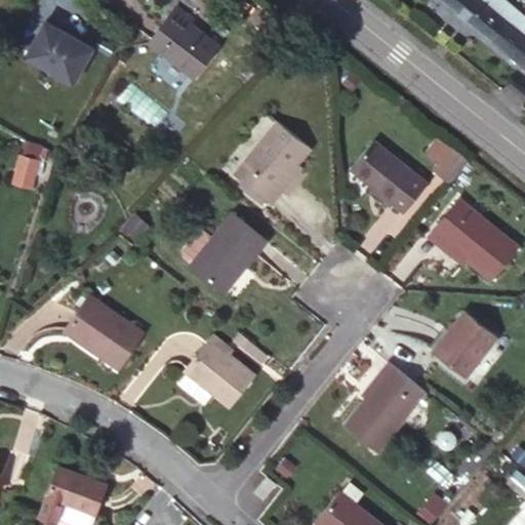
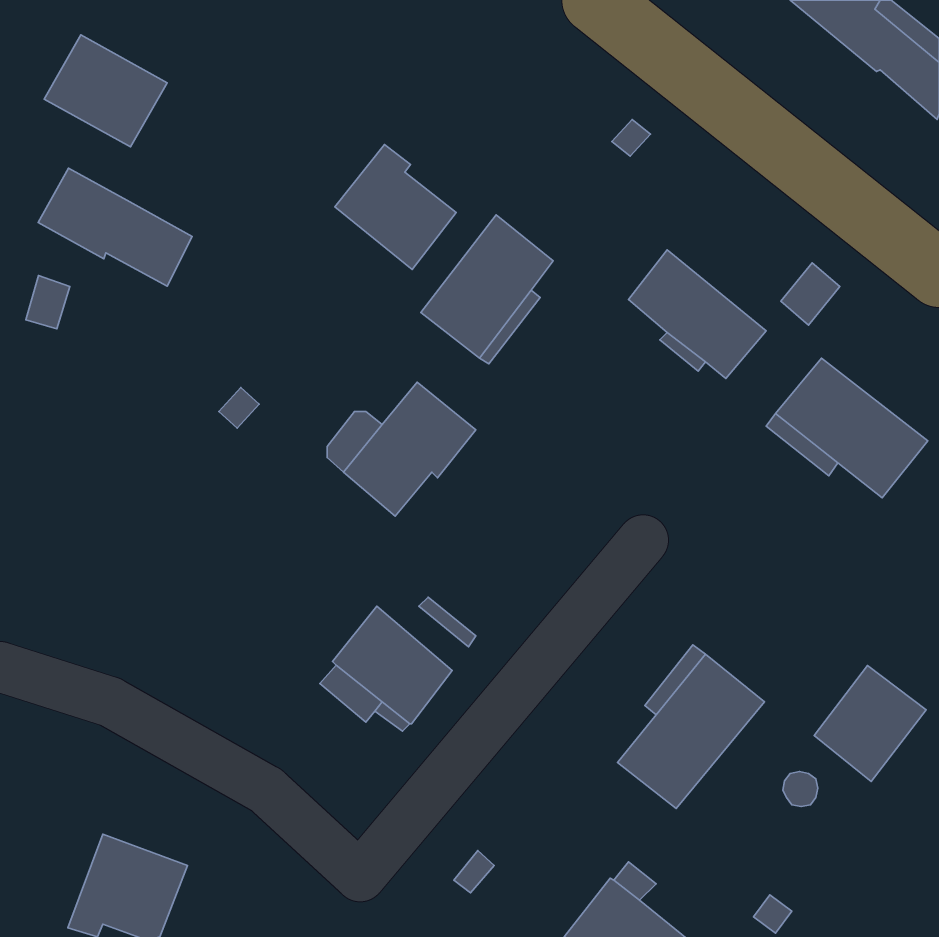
building: [150,8,217,78] -> [335,144,456,269]
building: none -> [38,168,192,286]
building: [65,296,143,368] -> none
building: [434,312,496,376] -> [814,666,926,781]

